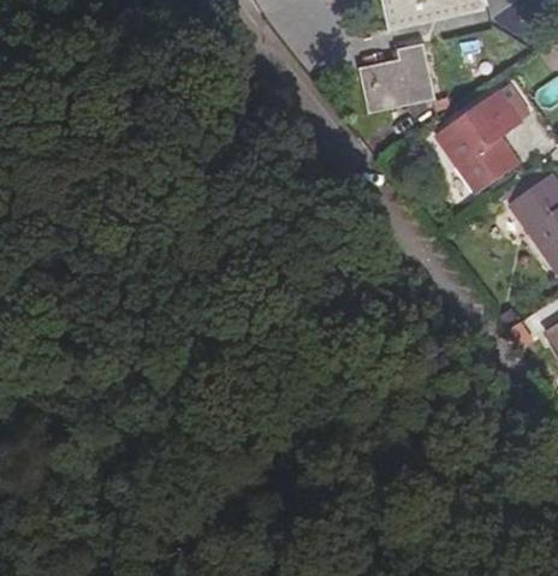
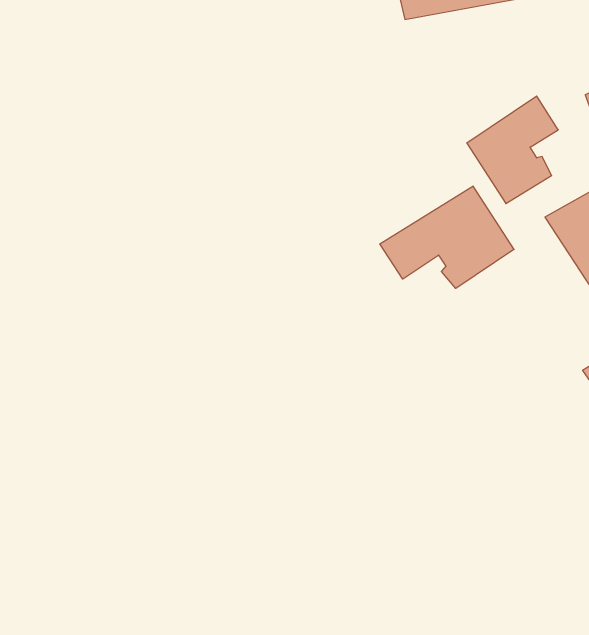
building: [367,42,439,106] -> none
building: none -> [380,186,514,288]

